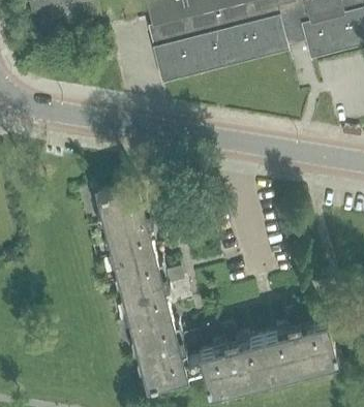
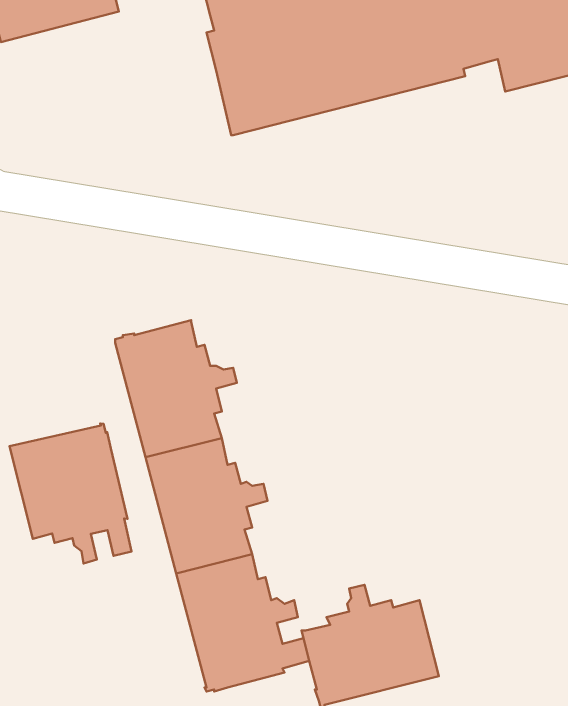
building: none -> [10,423,132,563]
building: [264,311,339,377] -> none

